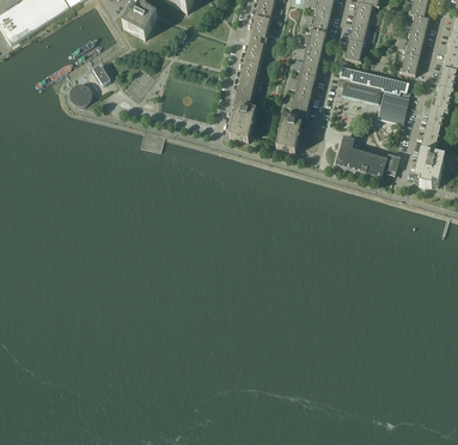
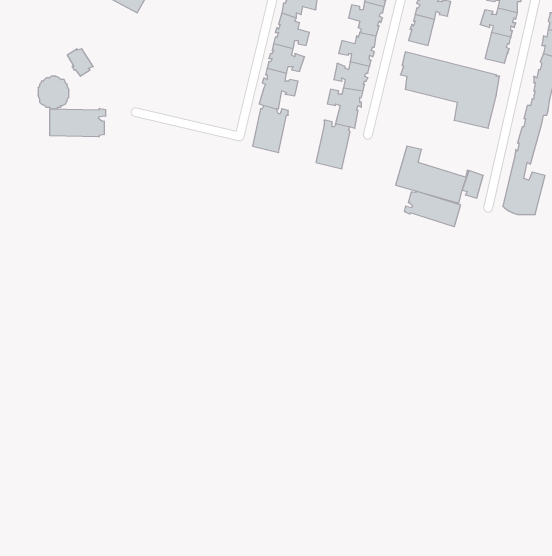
building: none -> [50,108,106,137]
building: none -> [404,191,460,227]

